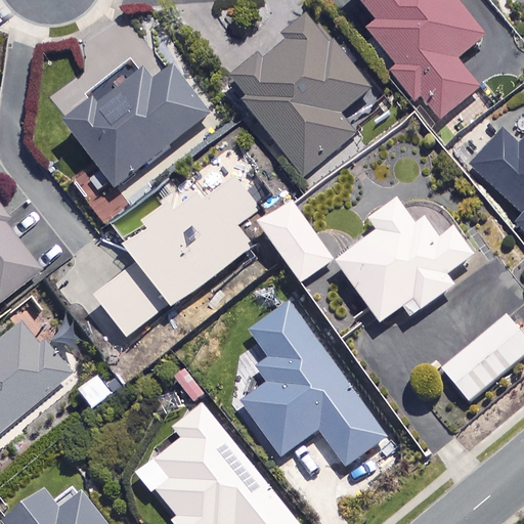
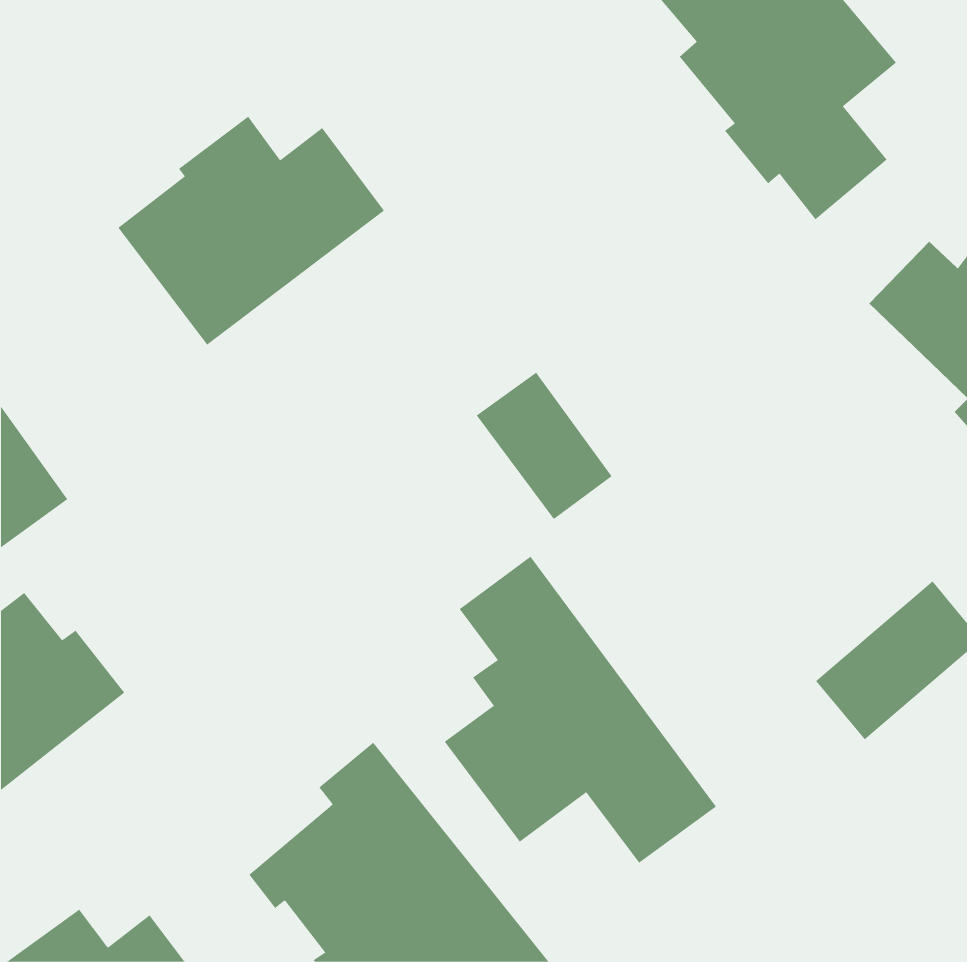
building: [230,15,368,177] -> none
building: [95,156,260,340] -> none
building: [335,199,471,320] -> none

